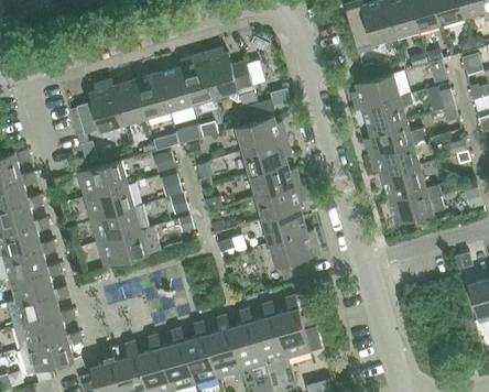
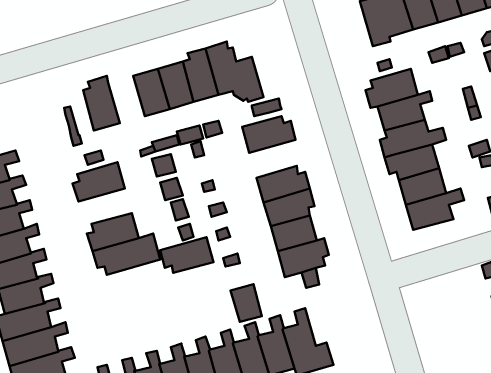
building: [112,80,146,124] -> none
building: [243,140,291,175] -> none
building: [85,185,134,218] -> [160,237,213,273]
building: none -> [231,284,262,322]

